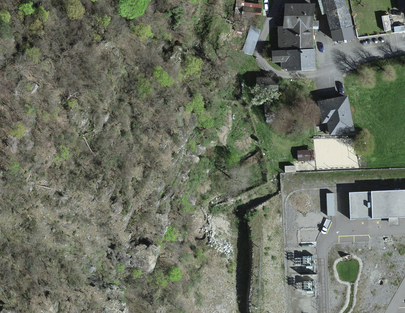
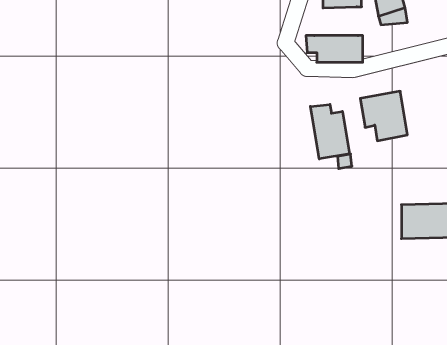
building: [275,26,312,50] -> none
building: none -> [310,104,349,159]

